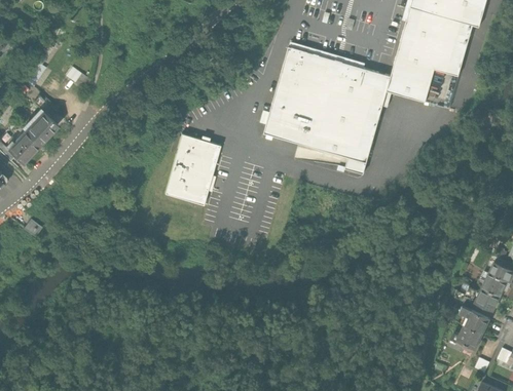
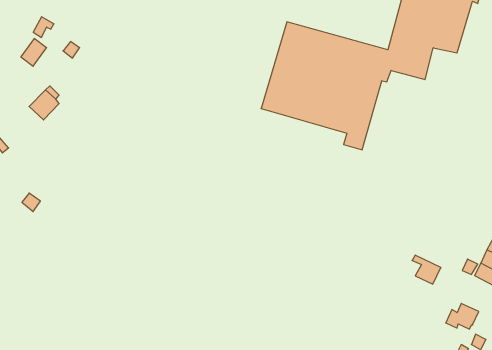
building: [12,130,46,165] -> none
building: [163,131,221,204] -> none
building: [460,306,488,335] -> [412,255,441,284]

